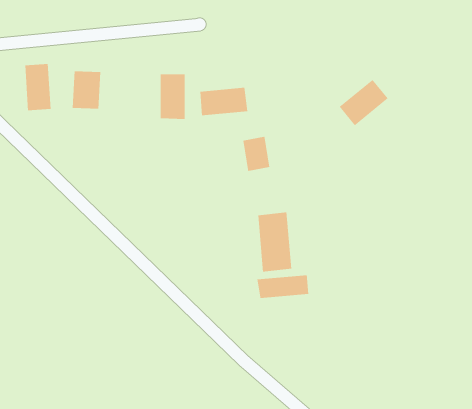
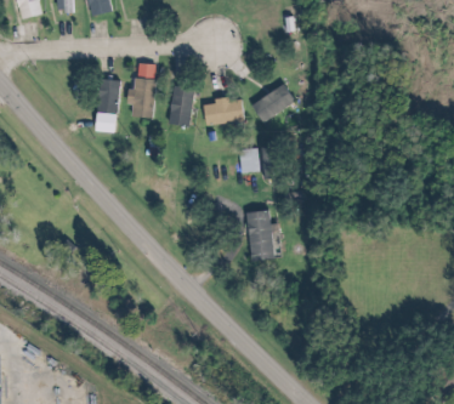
building: [24,64,52,111] -> [134,79,154,118]
building: [339,79,388,126] -> [252,84,295,123]
building: [257,274,309,299] -> none

